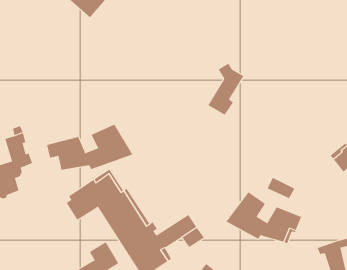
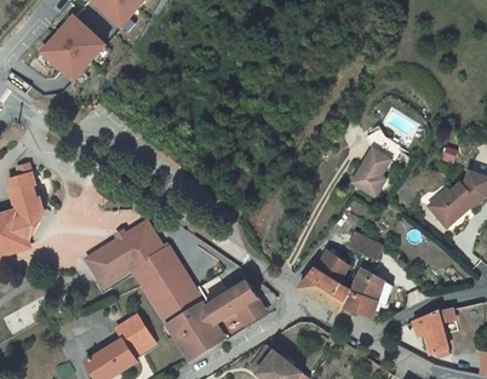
building: none -> [38,16,102,80]
building: [207,63,244,116] -> [351,127,399,195]
building: [47,124,133,171] -> none

